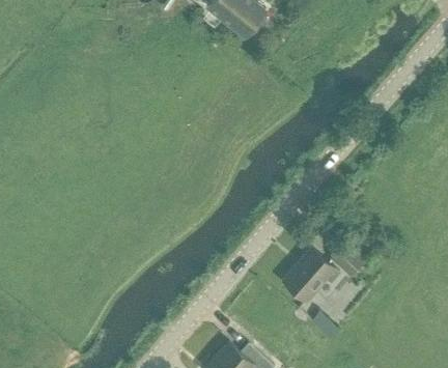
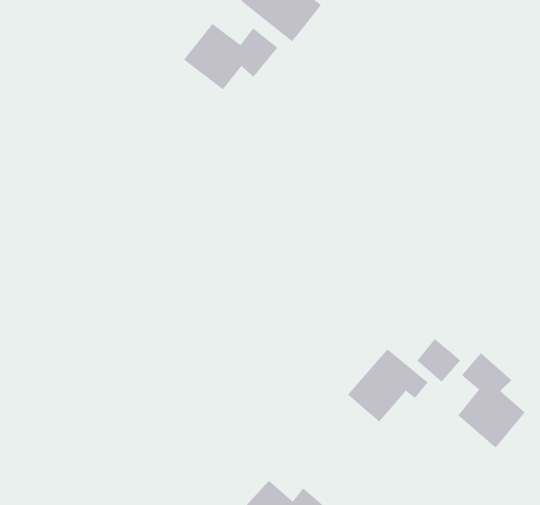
building: none -> [183,23,278,90]
building: none -> [458,352,526,449]

